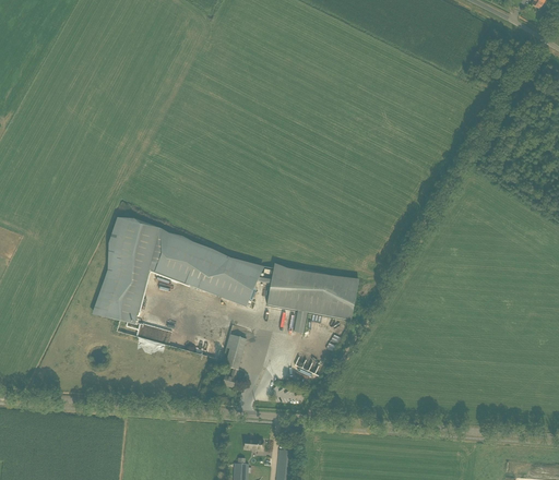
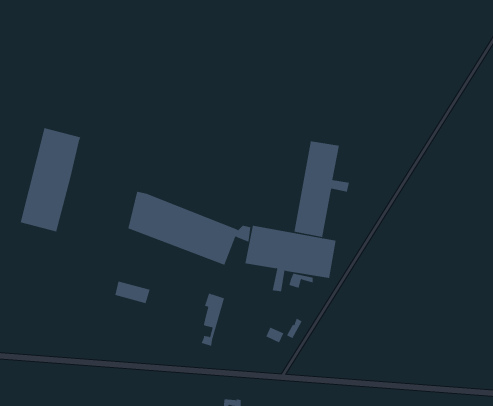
building: none -> [294,141,350,238]
building: [97,217,158,322] -> [20,127,81,232]

